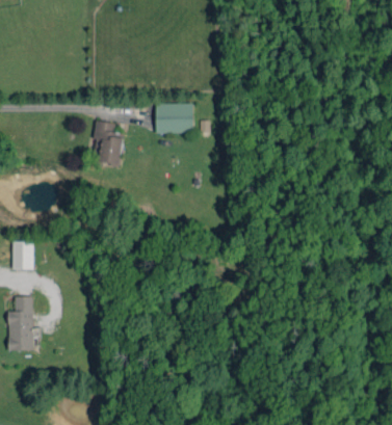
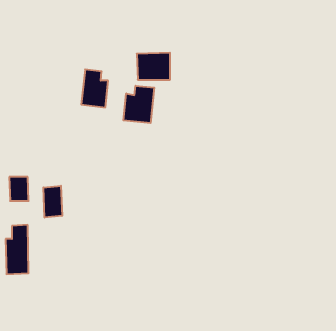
building: none -> [123,86,154,123]
building: none -> [43,186,62,218]

